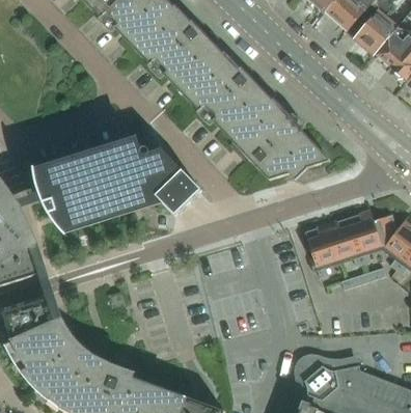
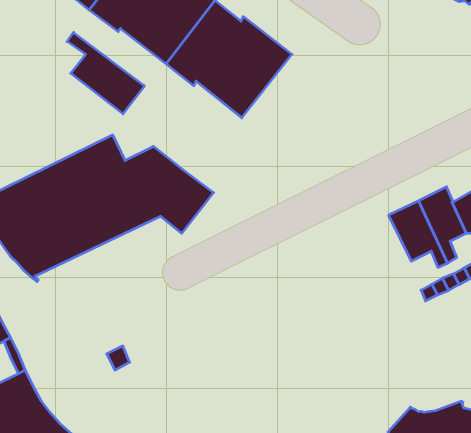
building: none -> [67,32,144,114]
building: [230,98,331,178] -> none
building: [306,223,337,277] -> none

